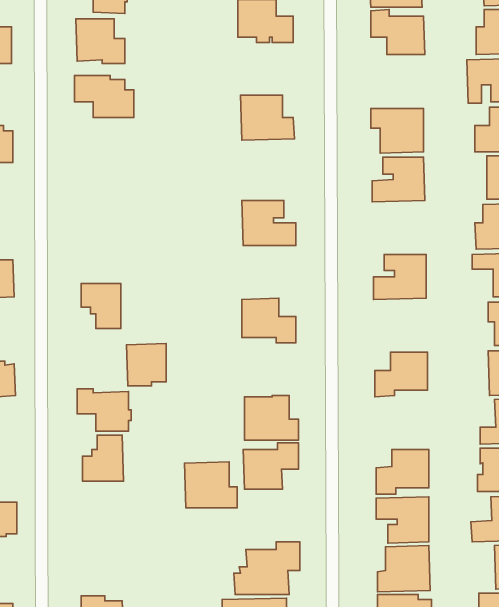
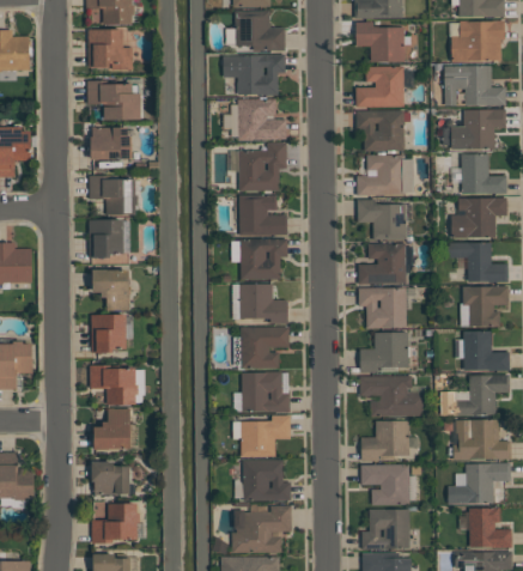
building: none -> [221,53,285,93]
building: none -> [355,66,403,107]
building: none -> [90,126,129,158]
building: none -> [238,141,286,190]
building: none -> [89,175,138,214]
building: none -> [357,199,407,239]
building: none -> [89,219,123,257]
building: none -> [239,237,287,279]
building: none -> [358,287,406,328]
building: [127,344,166,386] -> [90,314,126,352]
building: none -> [241,327,288,367]
building: none -> [359,375,424,417]
building: [184,462,237,508] -> [242,458,290,500]
building: none -> [91,461,129,494]
building: none -> [91,503,140,543]

